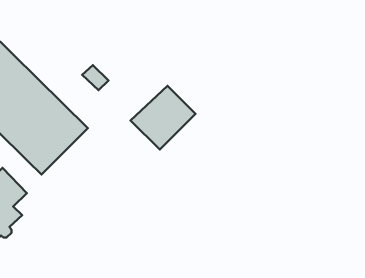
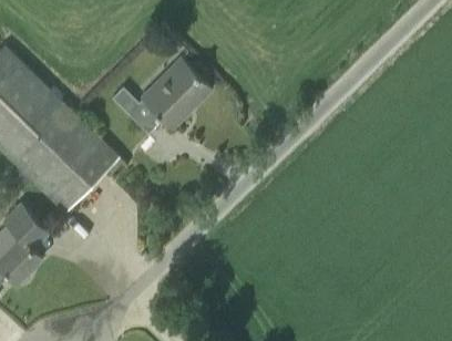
building: [131,86,196,150] -> [137,59,212,132]

